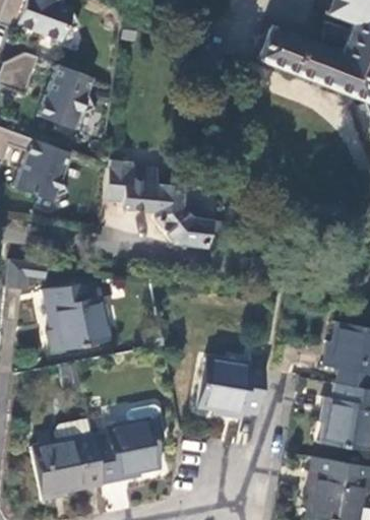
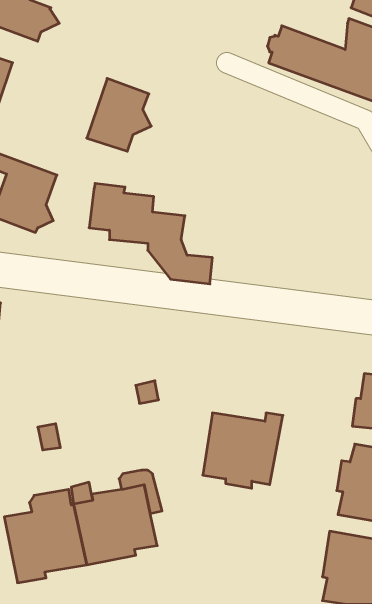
building: [42,66,97,128] -> [87,78,151,151]
building: [41,285,112,351] -> none

